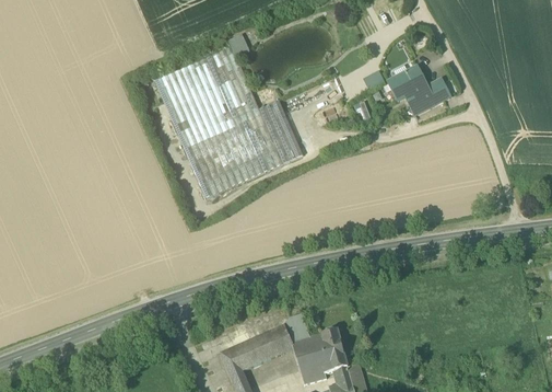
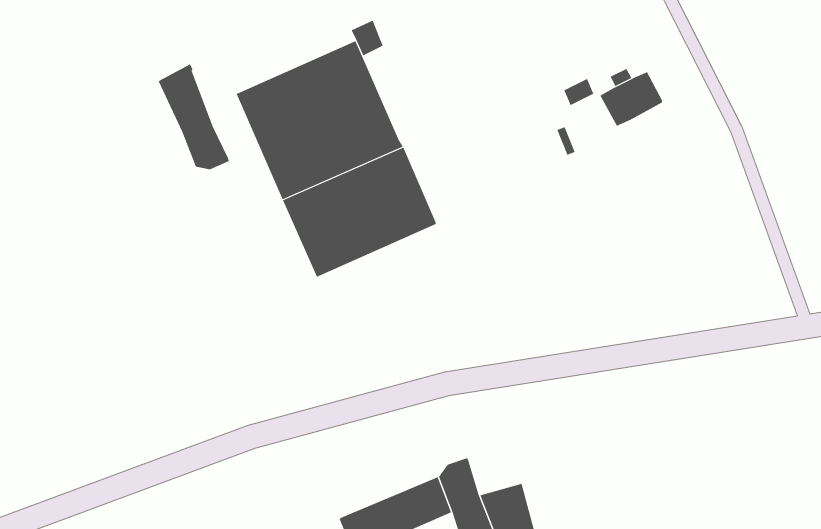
building: none -> [158,64,229,170]
building: [407,80,450,114] -> none
building: [259,100,303,162] -> none

